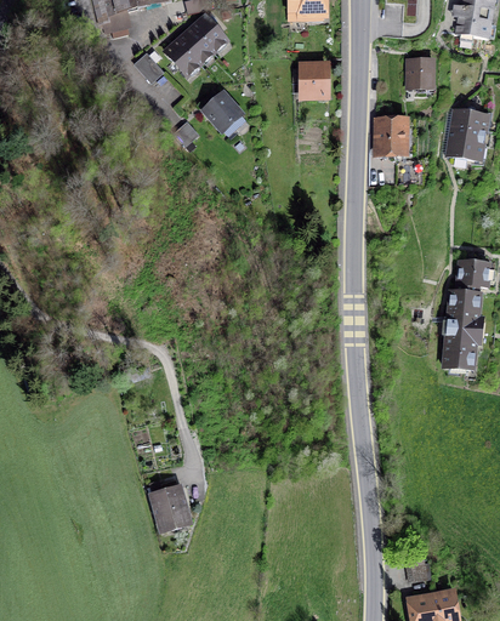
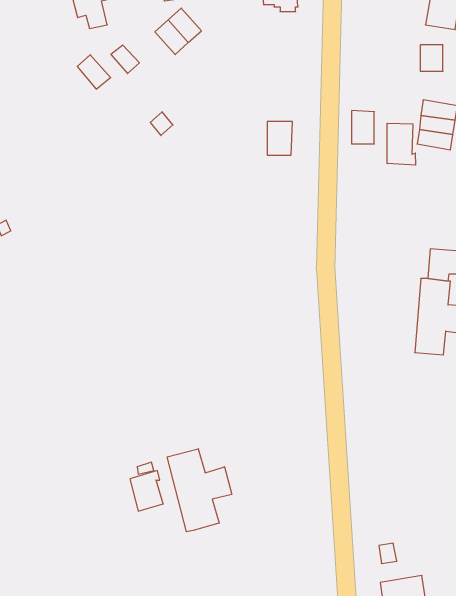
building: [166,40,200,75] -> [77,55,111,89]
building: [300,61,325,95] -> [267,122,292,155]
building: [409,61,432,87] -> [420,45,443,71]
building: [205,93,242,130] -> none
building: none -> [387,123,415,165]
building: none -> [167,449,232,532]

